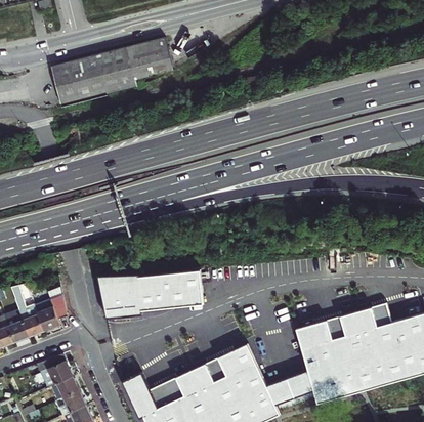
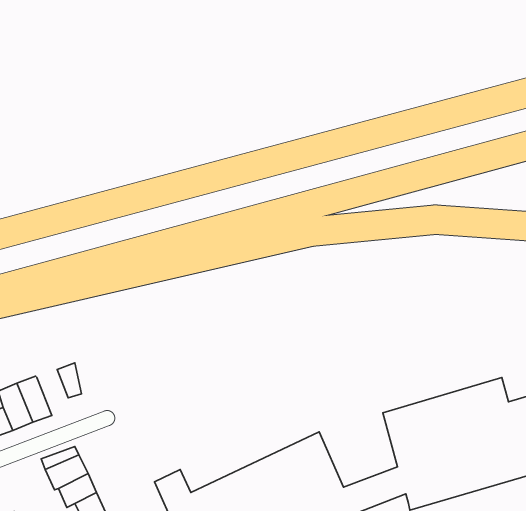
building: [51,37,173,108] -> none
building: [97,269,204,319] -> none
building: [34,296,60,331] -> none

